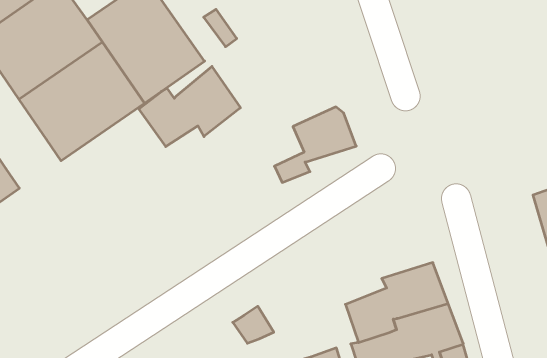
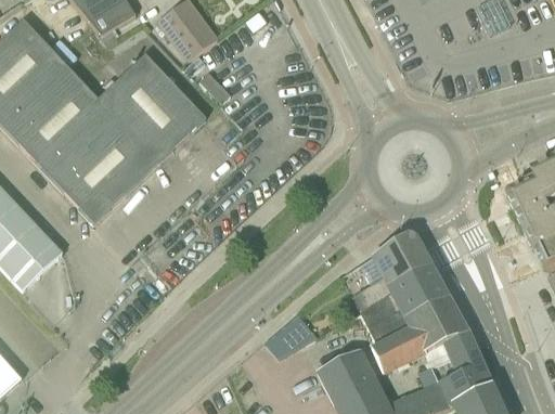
building: [139,66,240,147] -> none
building: [274,107,356,182] -> [362,232,430,305]

